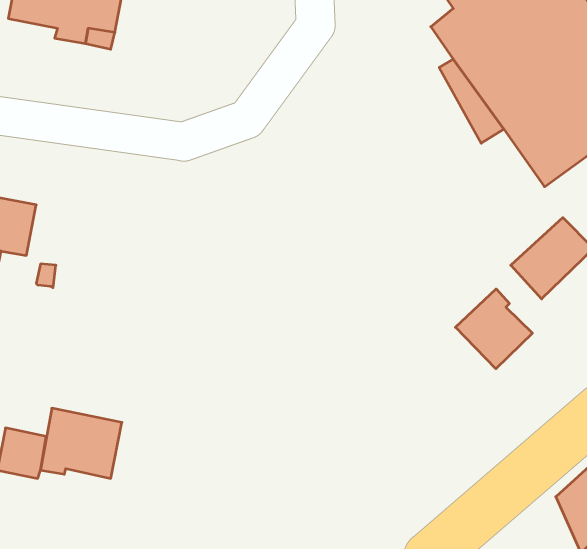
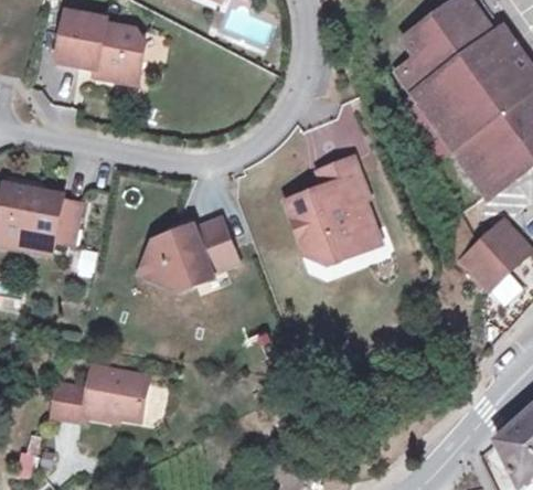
building: none -> [296,164,384,268]
building: none -> [136,216,233,288]
building: [455,289,532,369] -> none

